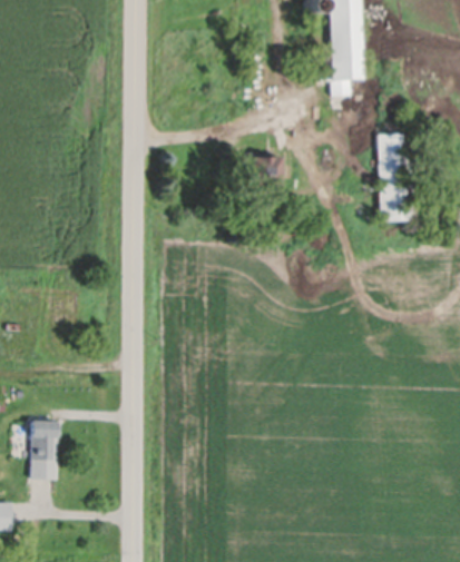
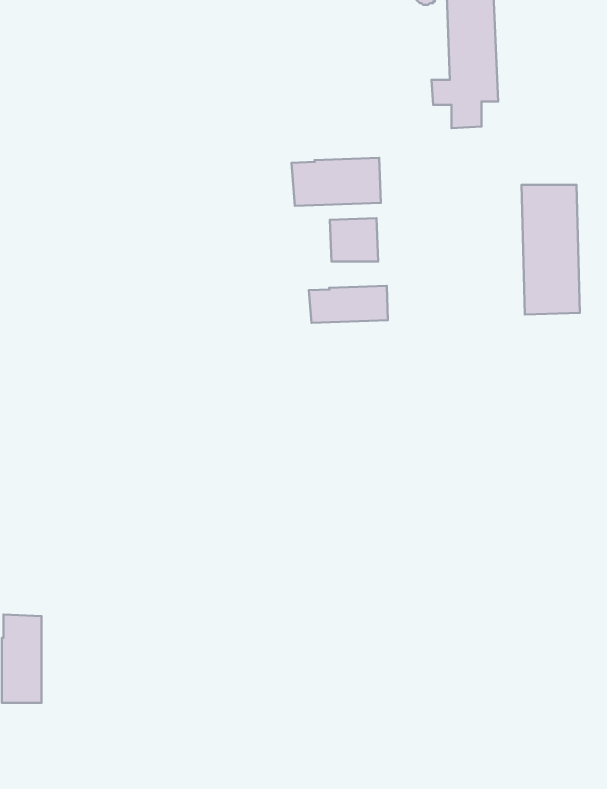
building: none -> [292,158,381,206]
building: none -> [309,286,388,323]

